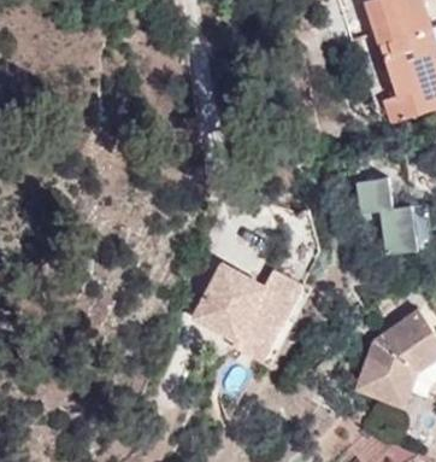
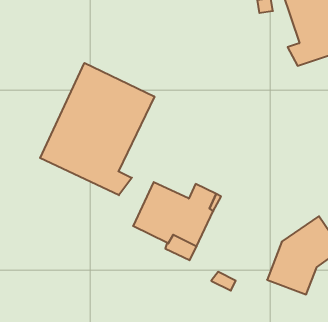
building: none -> [40,63,154,195]
building: [350,171,416,247] -> none

